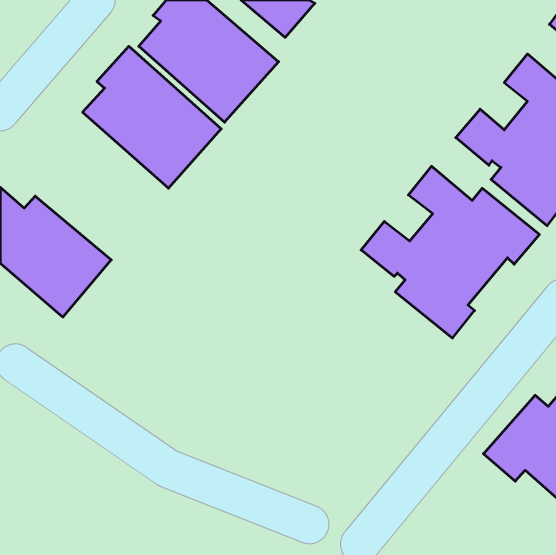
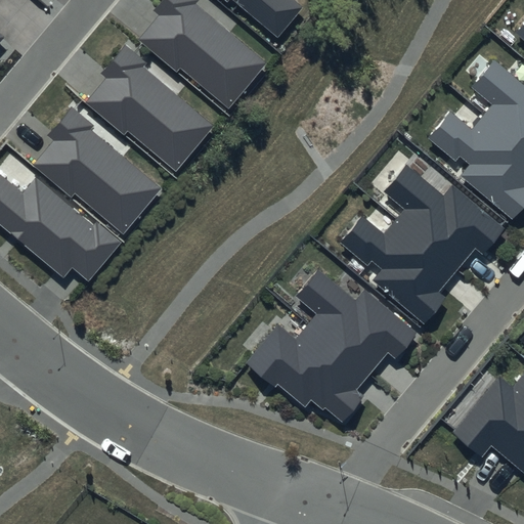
building: none -> [31,113,160,245]
building: none -> [243,267,420,426]

